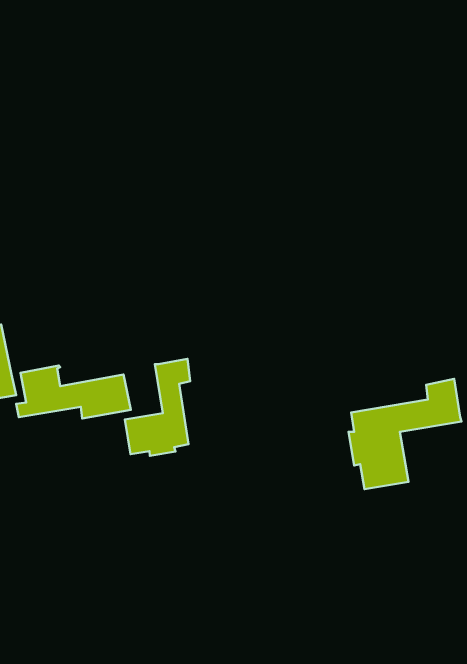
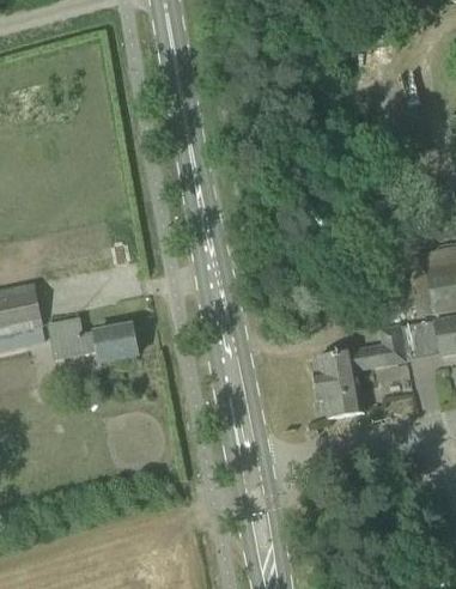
building: [125,359,190,456] -> none

